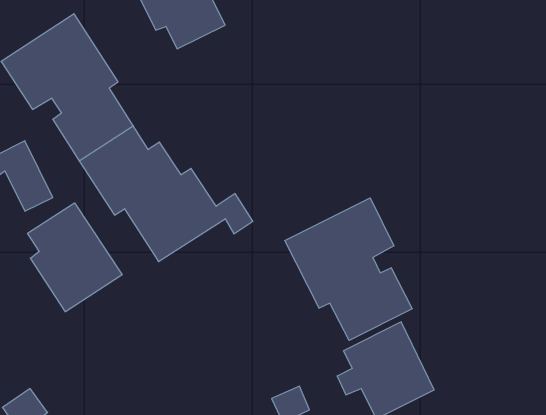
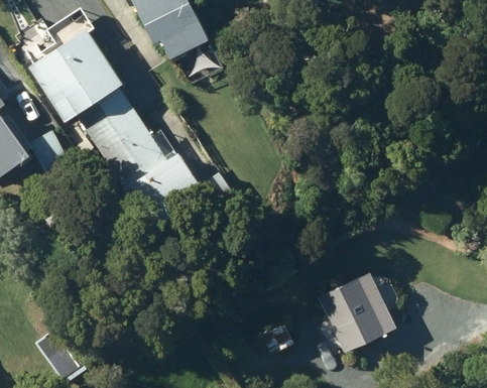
building: [285,198,412,340] -> none
building: [28,203,122,312] -> none

